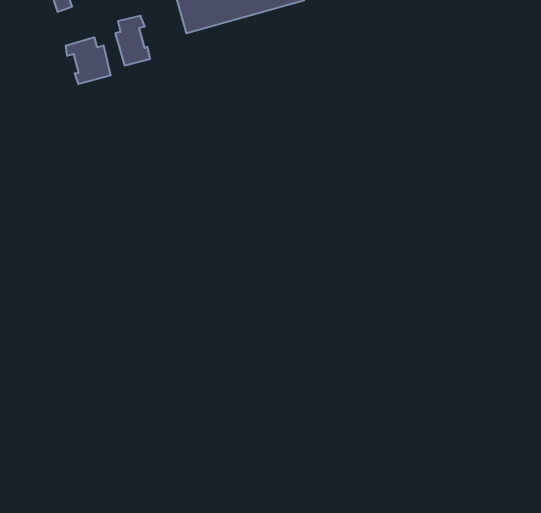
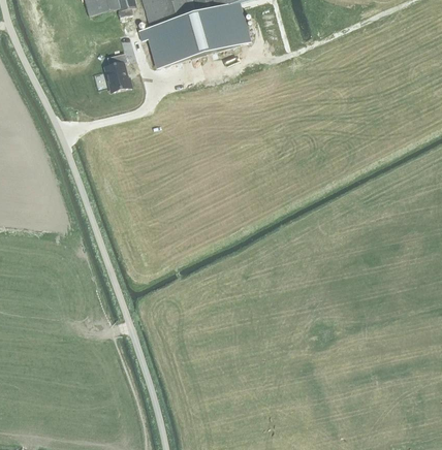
building: [66,37,110,84] -> none

